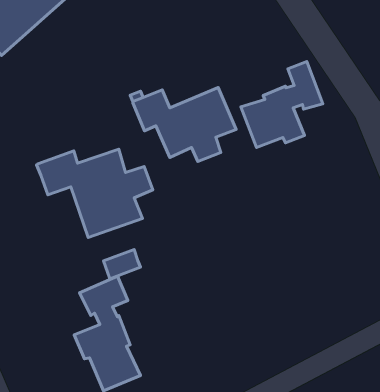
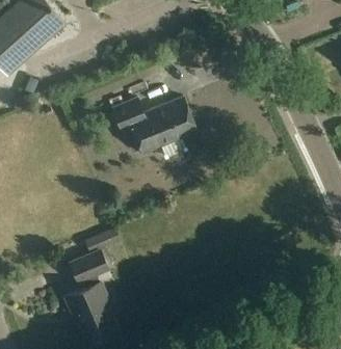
building: [241,61,323,148] -> none
building: [37,149,153,237] -> none

